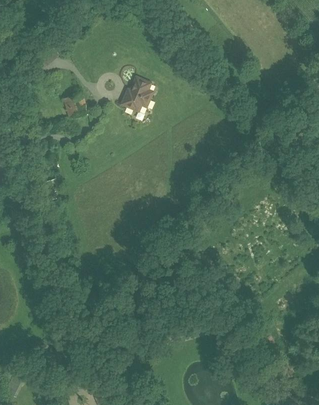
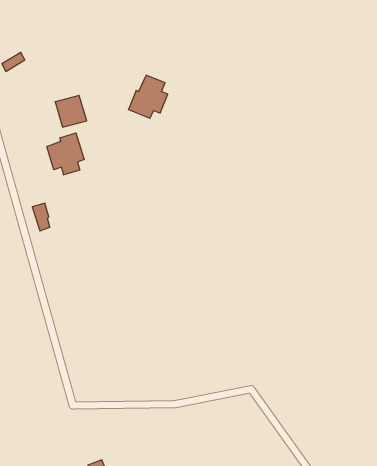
building: none -> [47,133,84,175]

